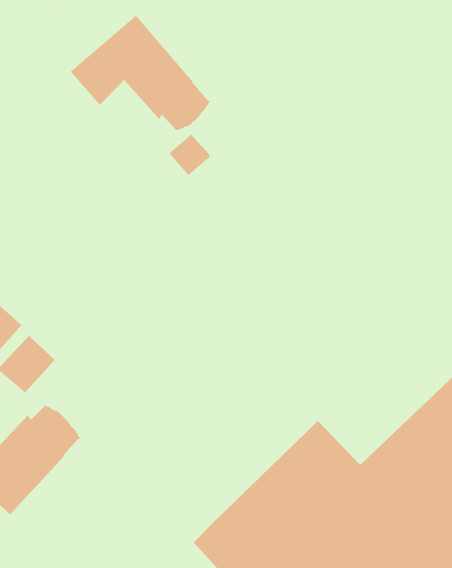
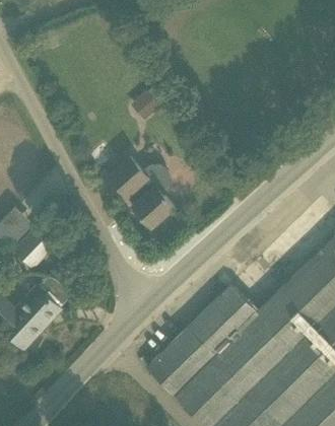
building: [70,15,211,131] -> none
building: none -> [107,156,175,226]

